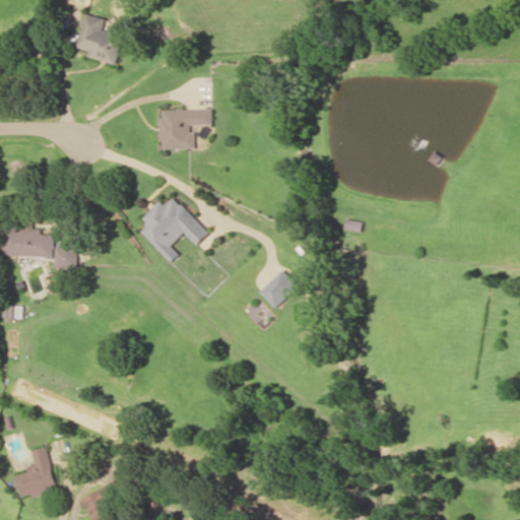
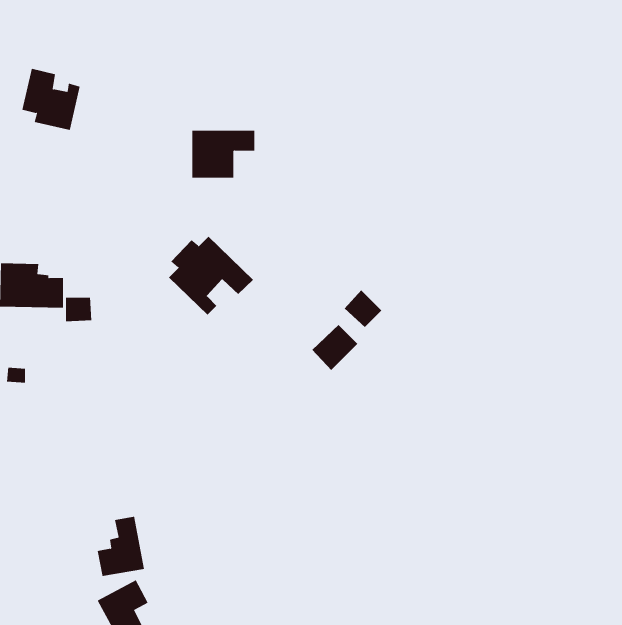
building: [75,13,124,65] -> [21,68,80,131]
building: none -> [344,290,382,328]
building: [15,447,55,497] -> [97,516,145,576]

